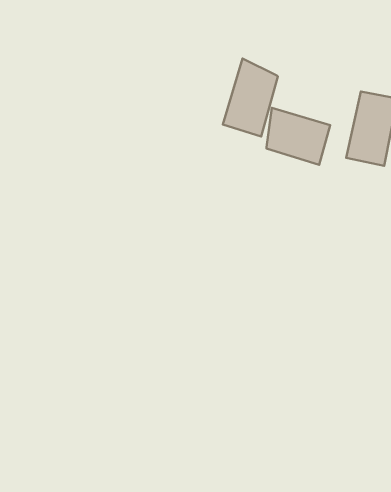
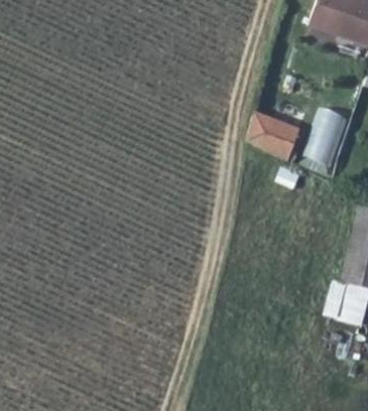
building: [223,58,278,137] -> none

